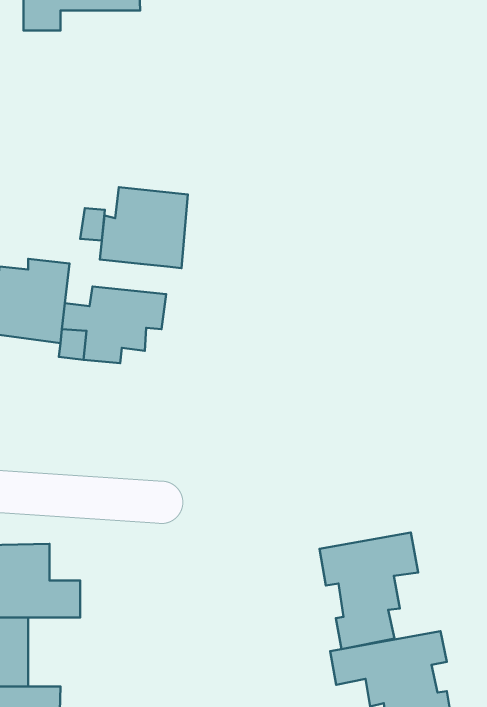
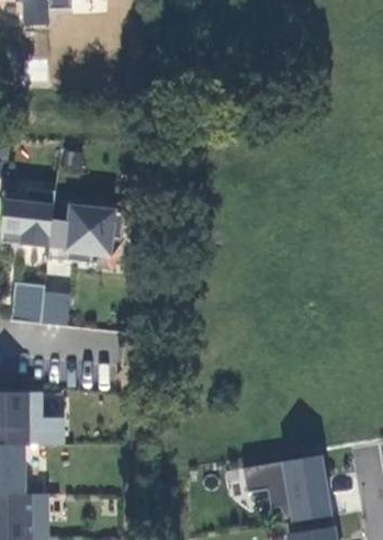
building: [100,187,188,268] -> none
building: none -> [11,284,70,324]
building: [320,532,418,649] -> none

